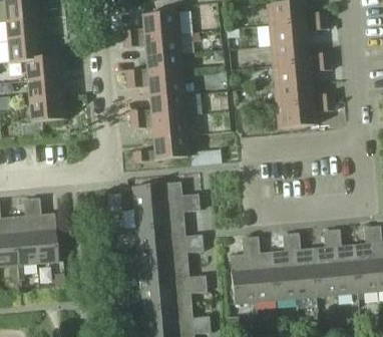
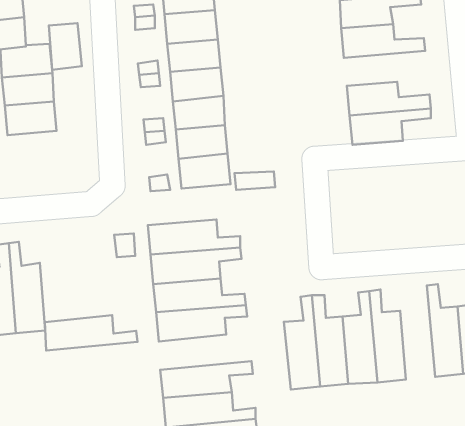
building: none -> [49,23,82,70]
building: [273,61,332,86] -> none
building: [313,229,338,296] -> none
building: [140,264,207,289] -> [45,315,137,350]

